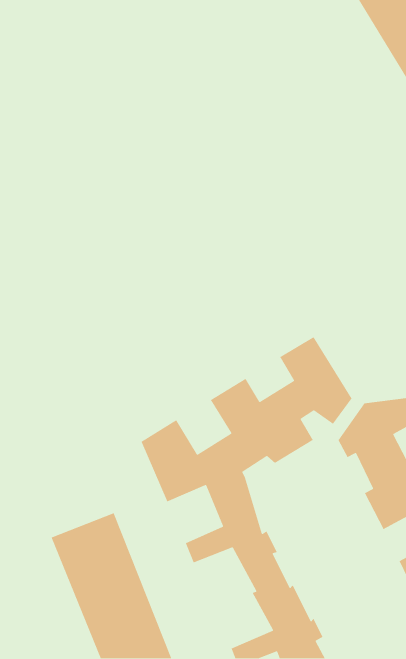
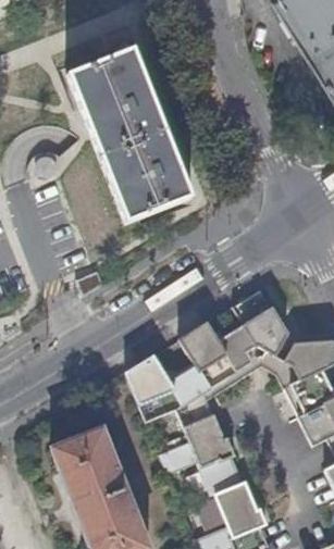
building: none -> [69,38,190,216]

